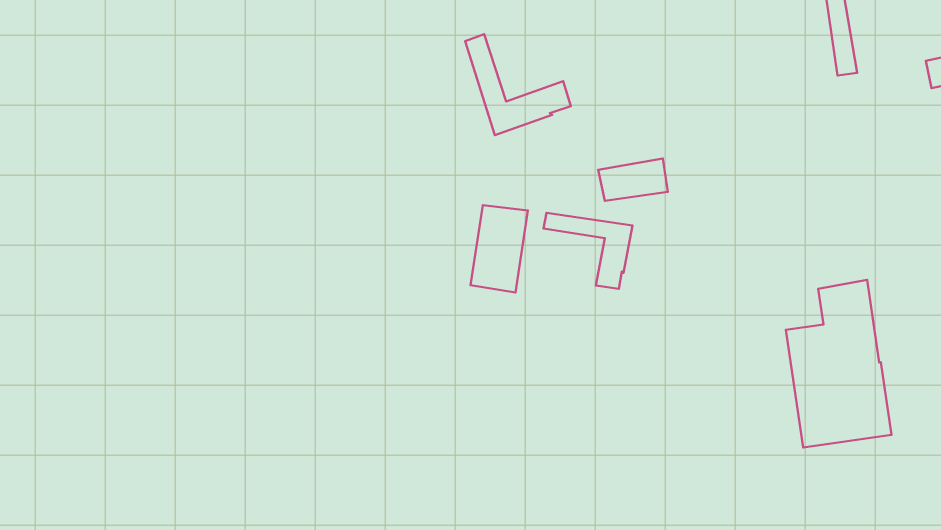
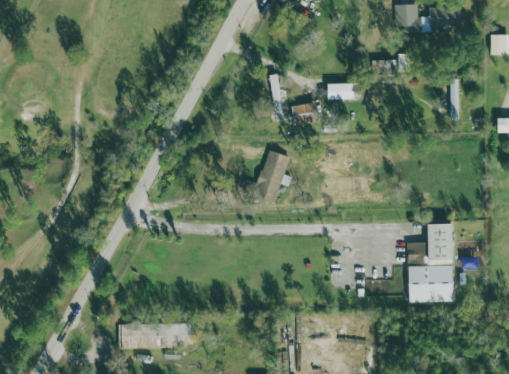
building: [598,158,668,201] -> [326,82,359,99]
building: [544,213,633,289] -> none

